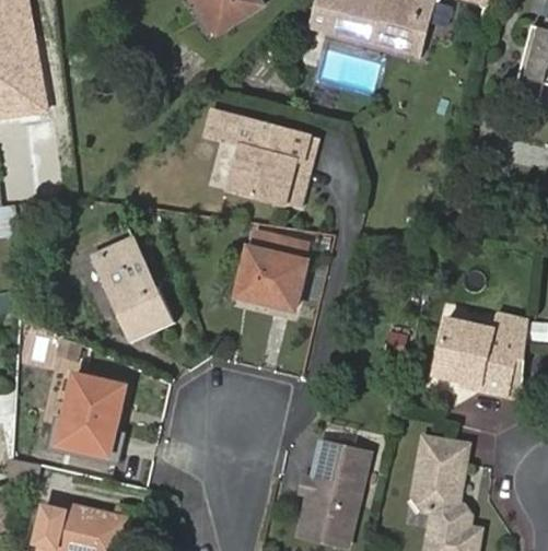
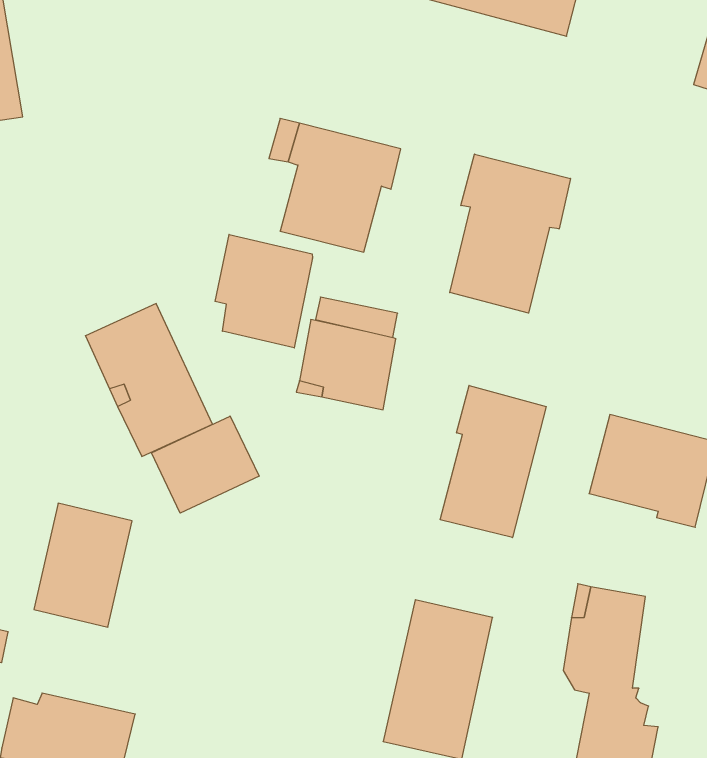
building: none -> [450,154,570,313]
building: none -> [215,234,312,348]
building: none -> [440,385,546,538]
building: none -> [151,416,259,513]

